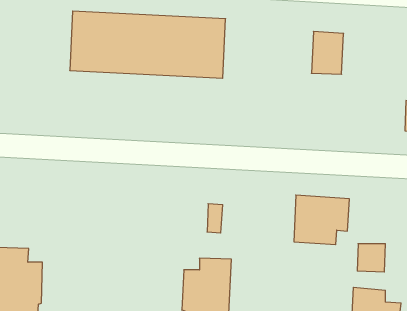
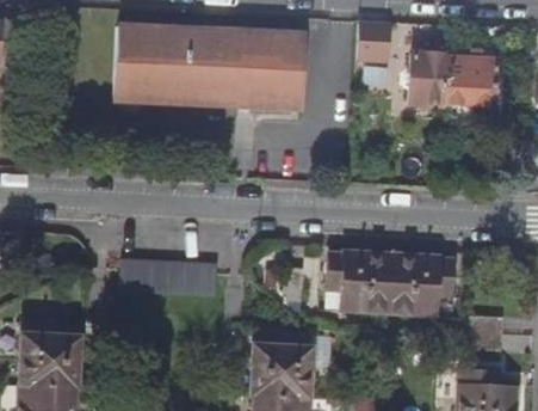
building: none -> [358,24,390,61]
building: none -> [446,55,501,108]
building: none -> [326,250,390,311]
building: none -> [119,258,218,295]

